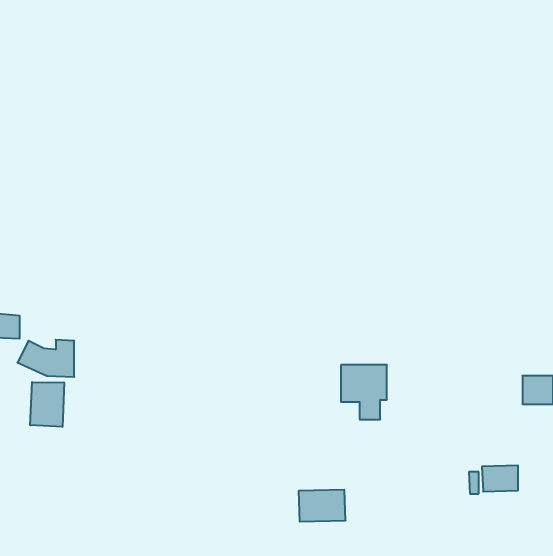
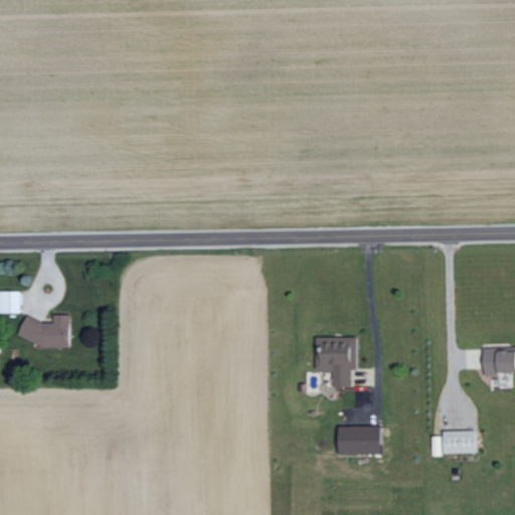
building: [30,382,64,427] -> none
building: [299,490,346,522] -> [339,426,382,456]

